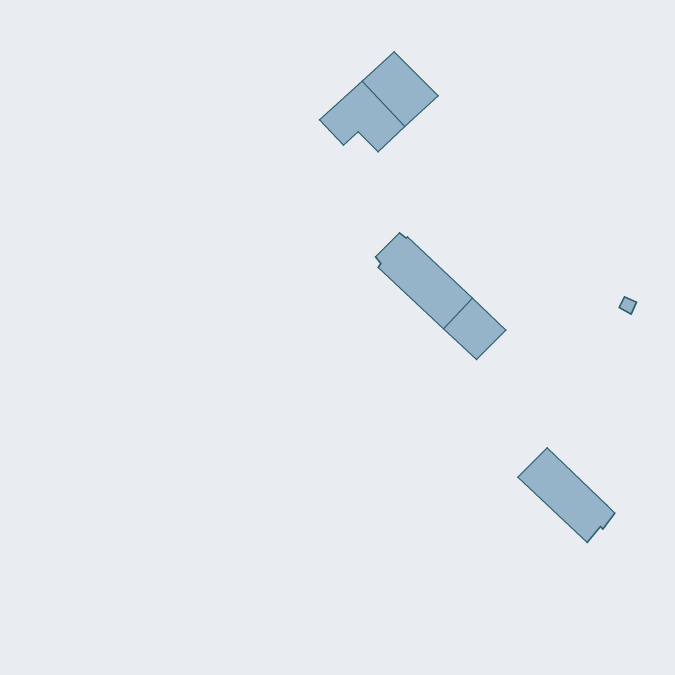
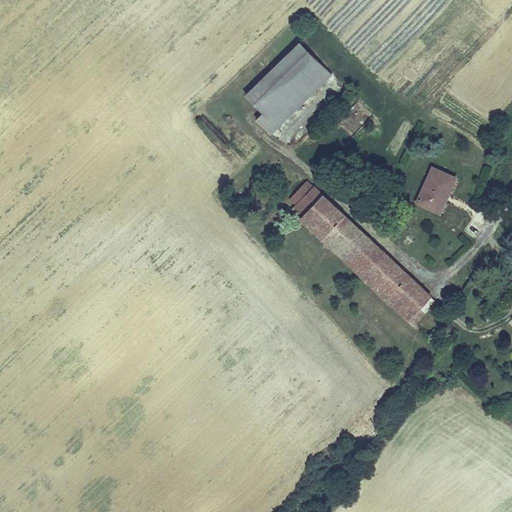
building: none -> [255,103,288,134]
building: none -> [415,166,455,212]
building: [518,448,615,543] -> [362,252,435,323]

